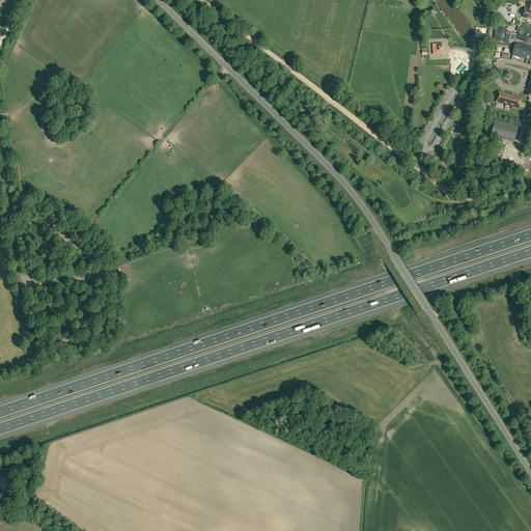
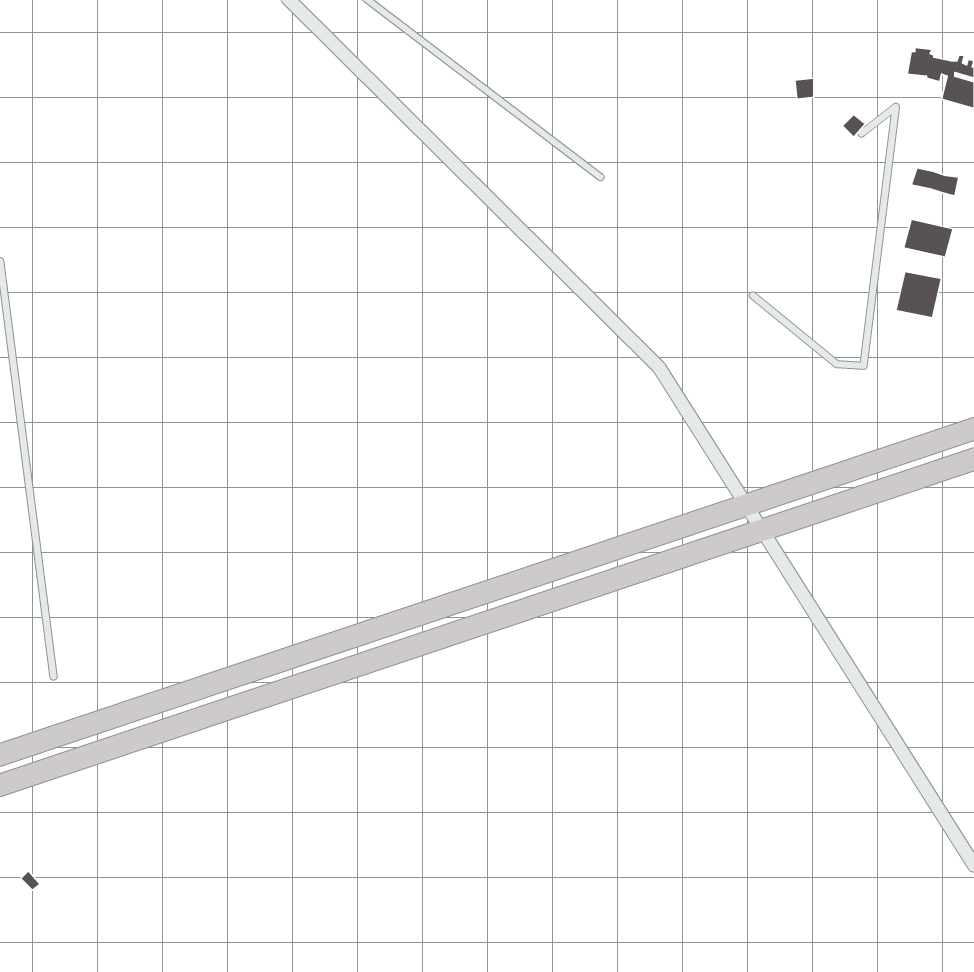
building: none -> [896,271,941,318]

